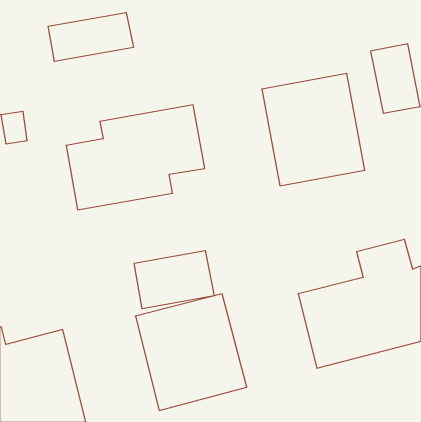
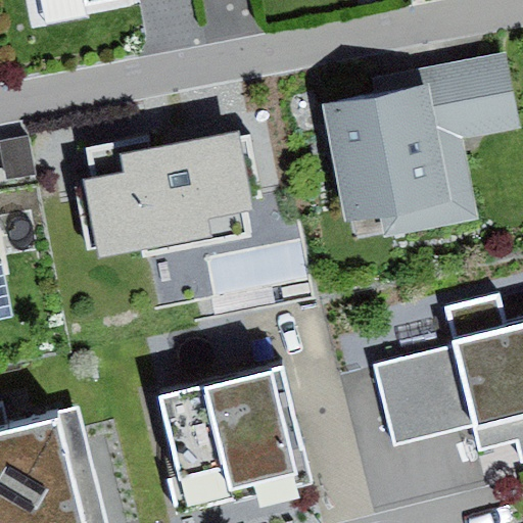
building: [48,12,133,62] -> none
building: [134,251,214,309] -> none

